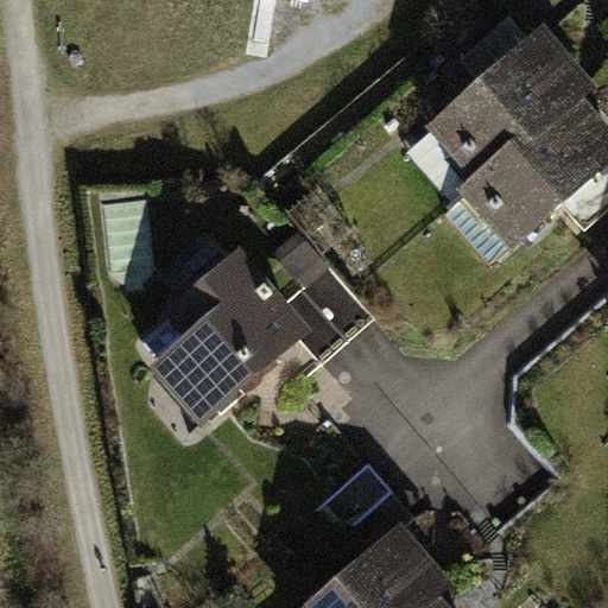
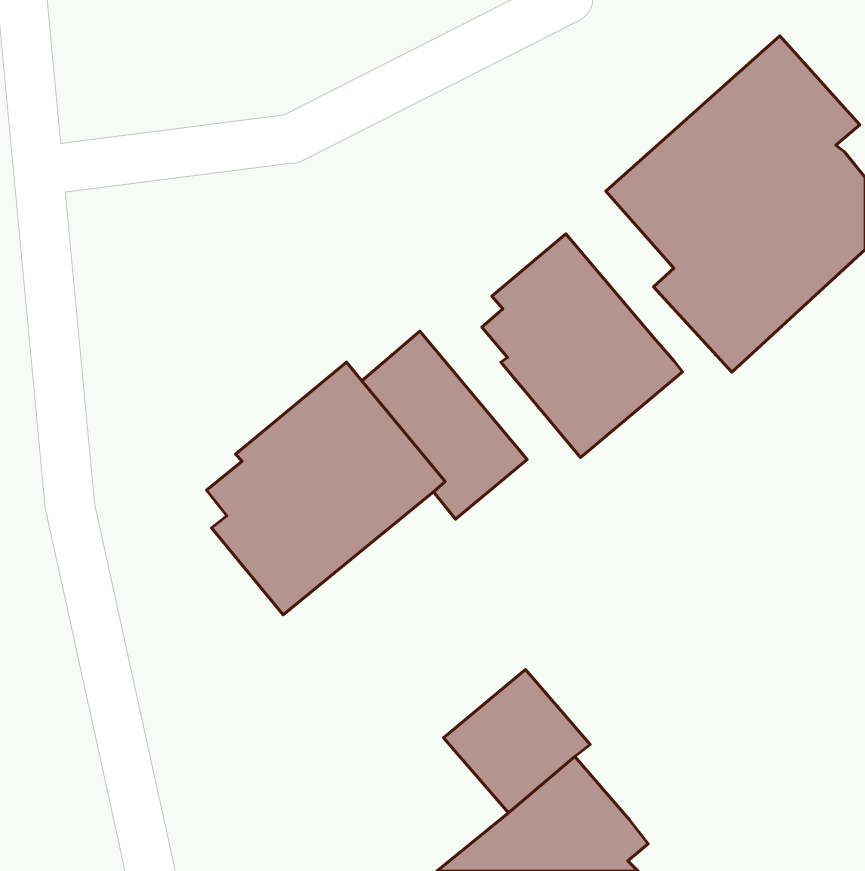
building: none -> [482,234,683,458]

